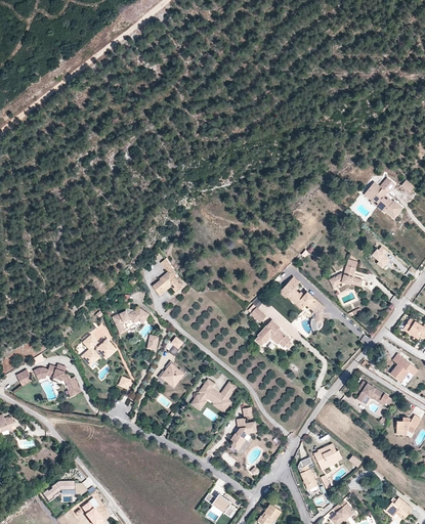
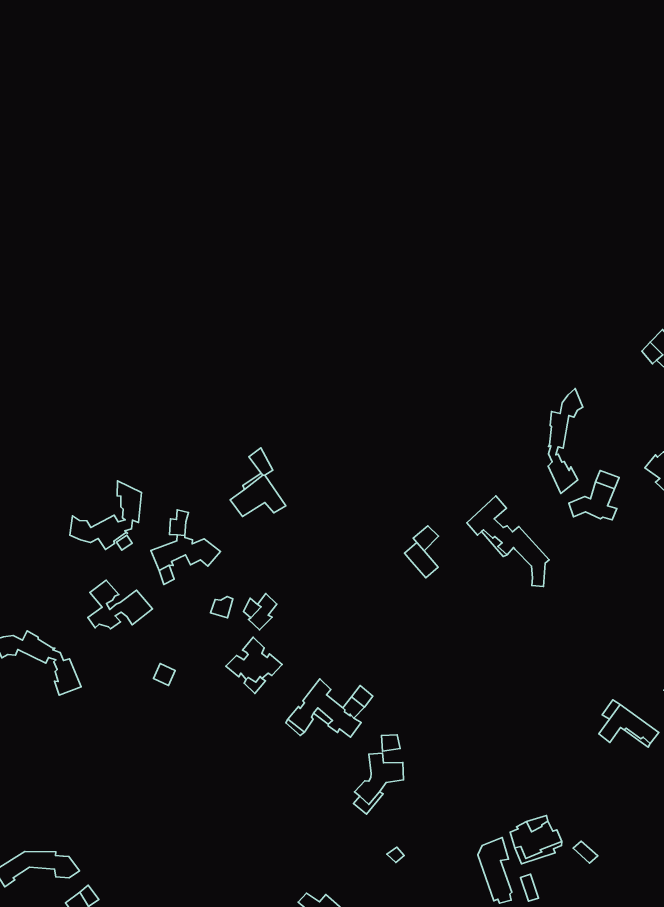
building: none -> [548,388,583,494]
building: none -> [70,481,142,550]
building: [255,319,293,348] -> none

